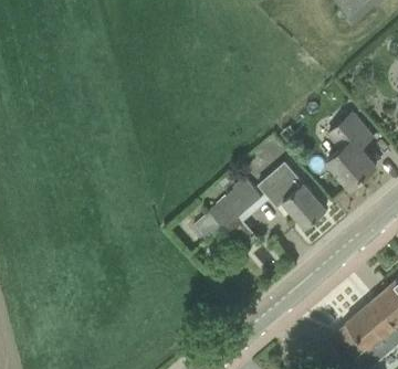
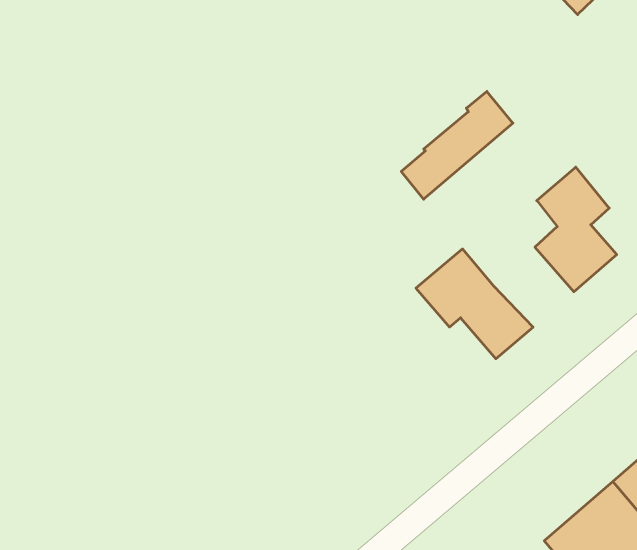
building: [196,177,262,241] -> [401,91,513,199]

